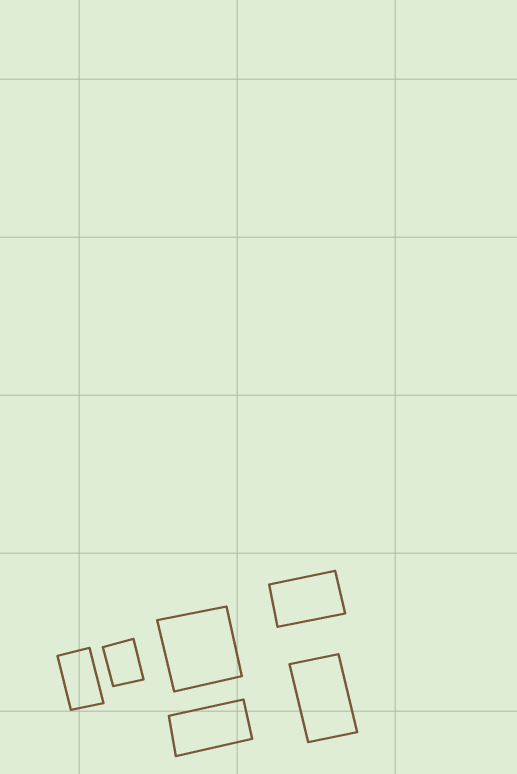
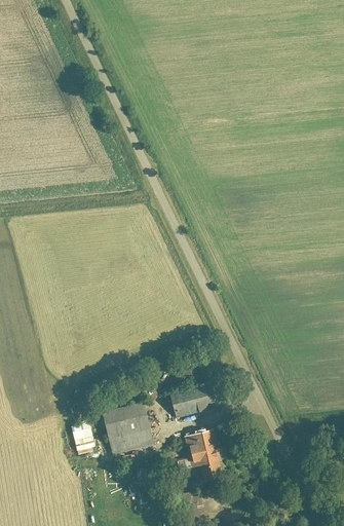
building: [58,648,104,710] -> none
building: [169,699,252,756] -> none

